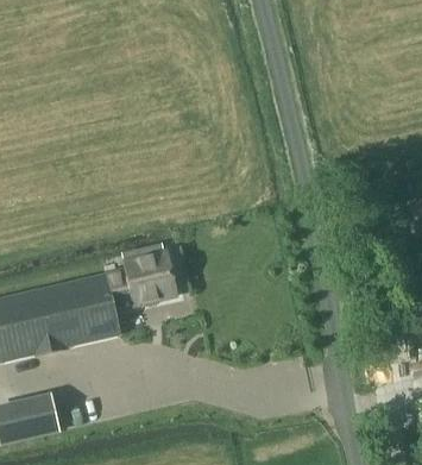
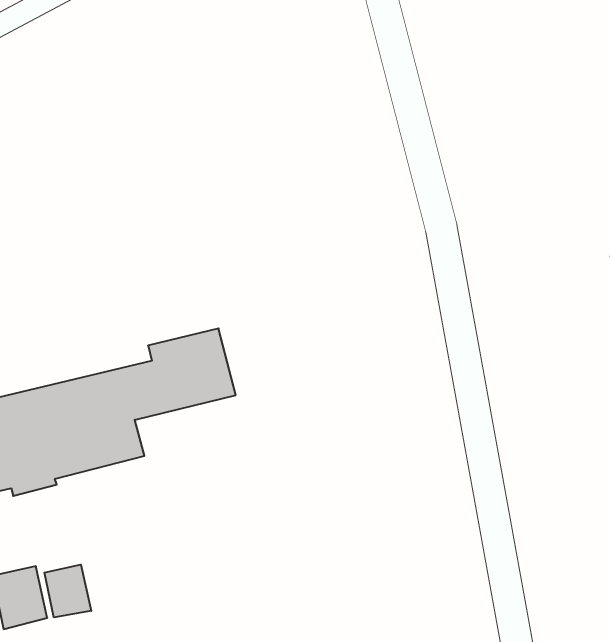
building: none -> [44,565,91,617]

